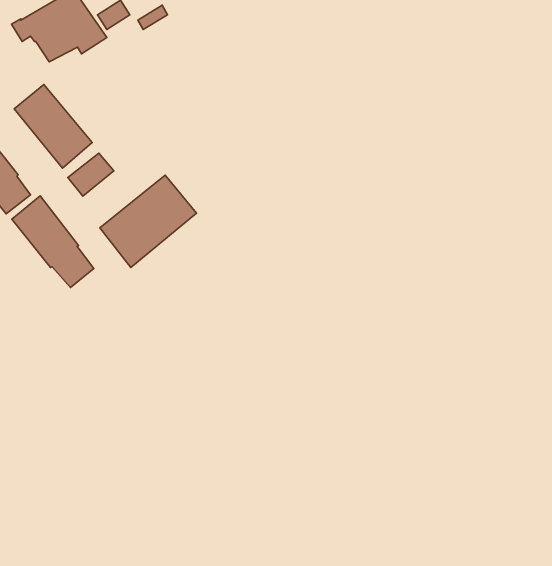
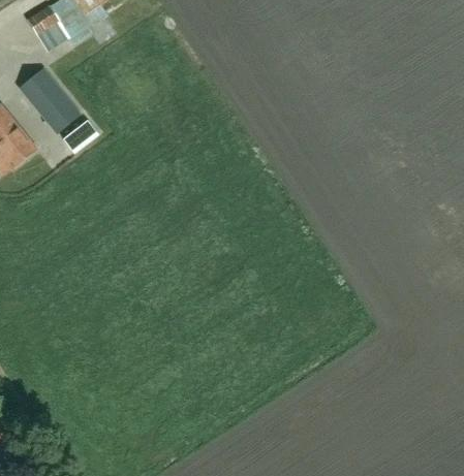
building: [100,175,197,267] -> none
building: [12,196,94,288] -> none

